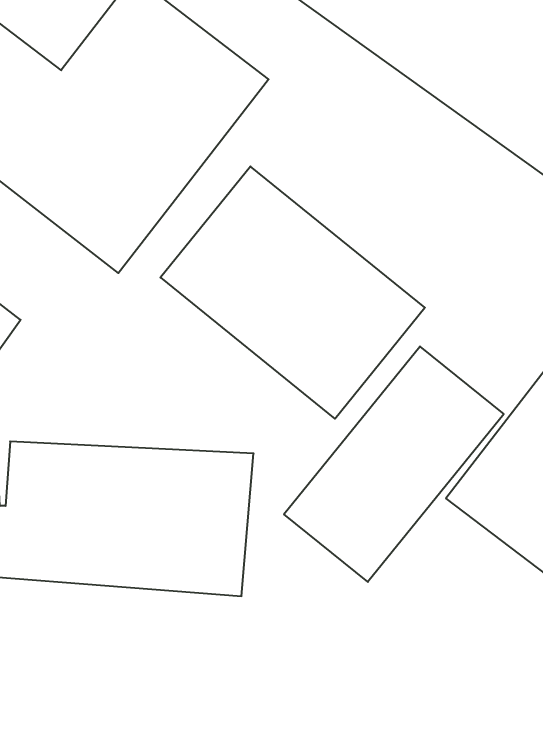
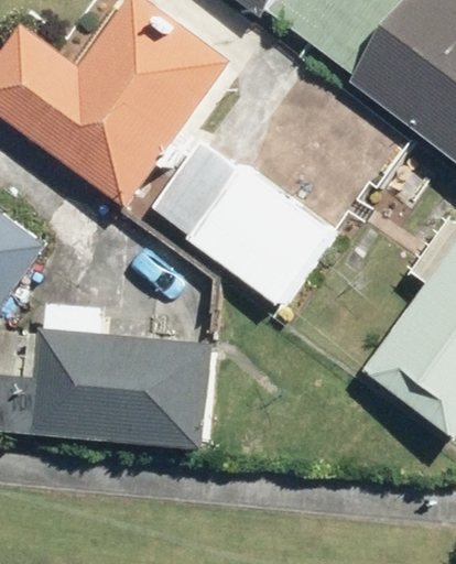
building: [284,346,504,582] -> none

